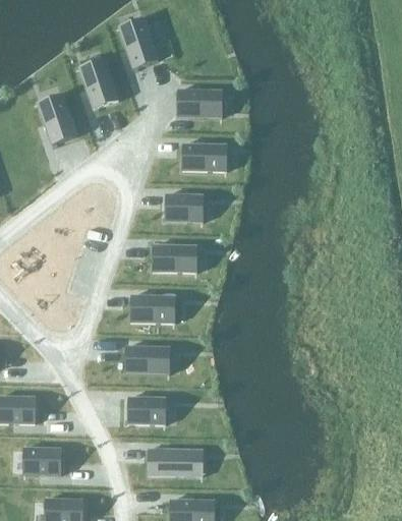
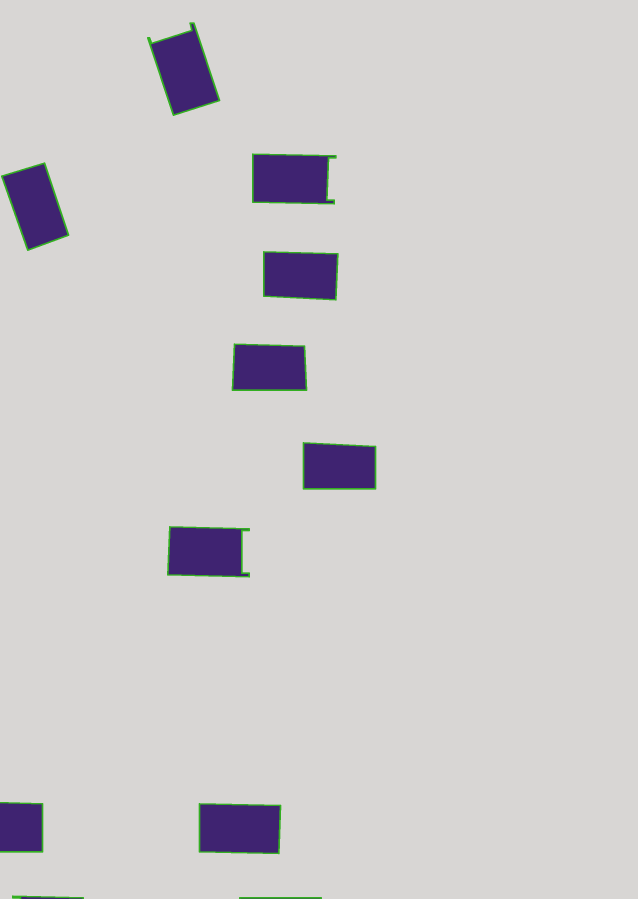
building: [81,61,118,107] -> none
building: [154,244,193,270] -> [304,443,376,489]
building: [125,346,170,373] -> none
building: [127,398,171,423] -> none

